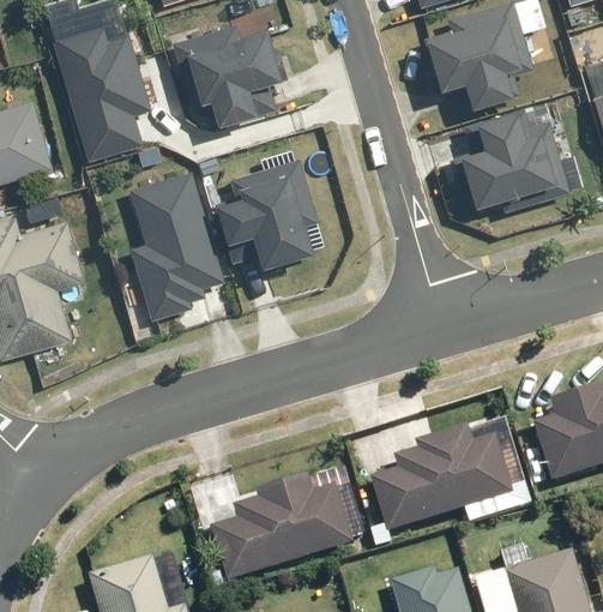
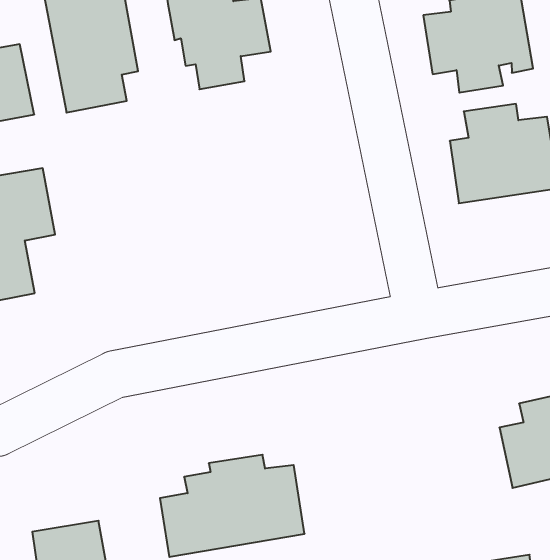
building: [212,156,318,272] -> none
building: [129,172,221,320] -> none
building: [369,425,509,535] -> none

